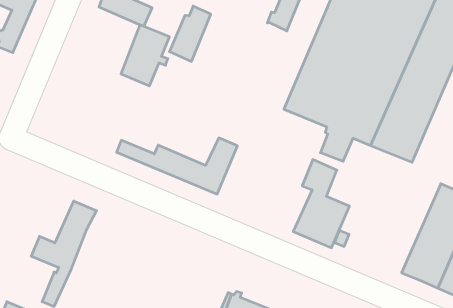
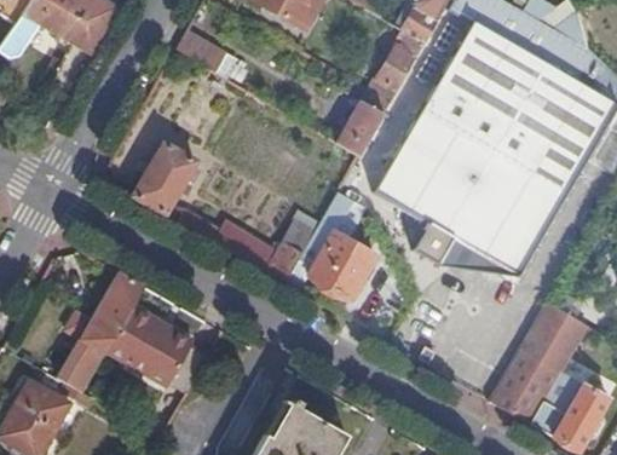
building: [169,6,211,61] -> [338,92,391,156]
building: [121,25,169,86] -> [133,143,195,215]
building: [293,160,349,248] -> [307,197,376,303]
building: none -> [106,306,208,394]

